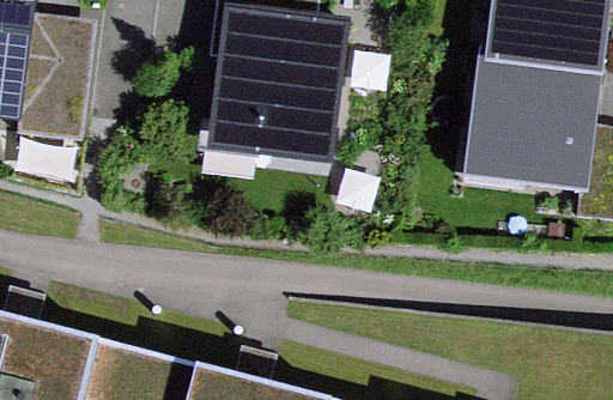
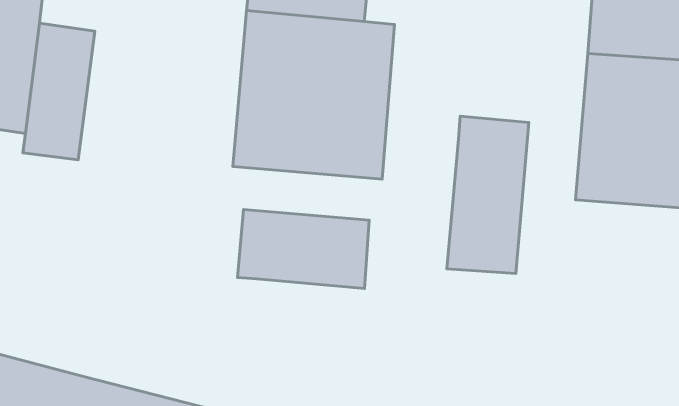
building: none -> [447,116,529,274]
building: none -> [237,209,369,289]

